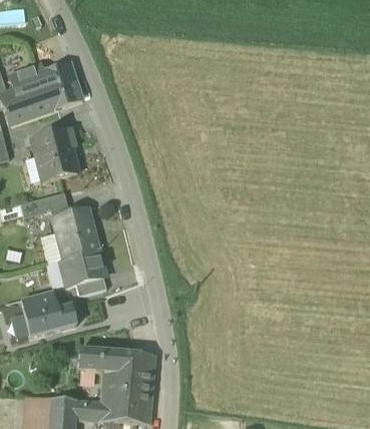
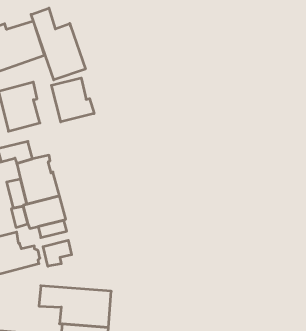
building: none -> [31,8,85,80]
building: none -> [51,78,94,122]
building: none -> [43,240,72,266]

